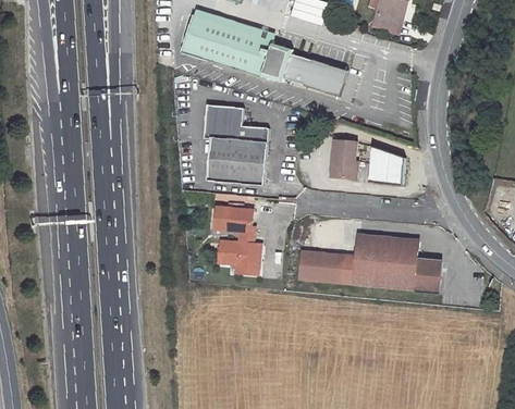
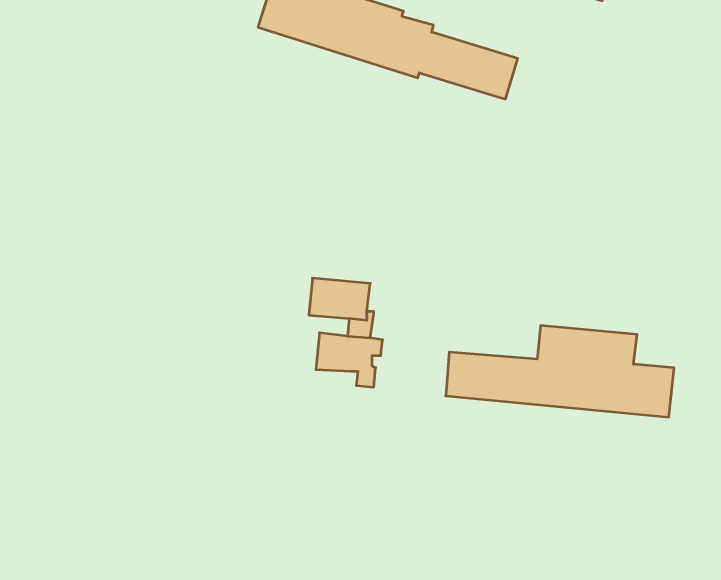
building: [203,104,268,184] -> none
building: [329,139,357,178] -> none
building: [369,146,404,185] -> none

